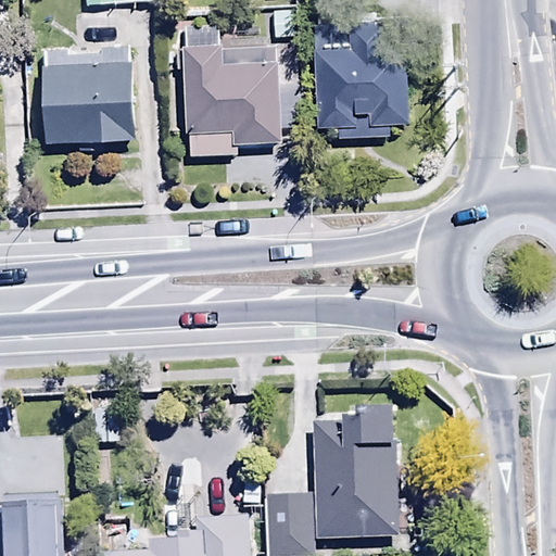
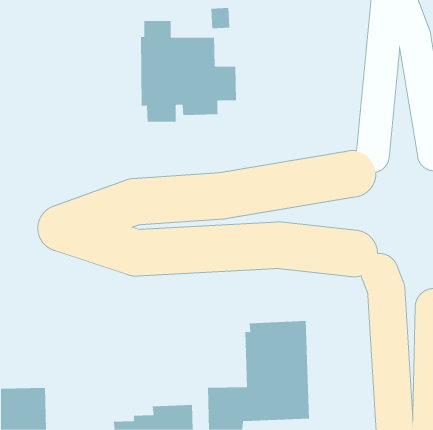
building: [311,12,409,141] -> none
building: [42,47,132,152] -> none

